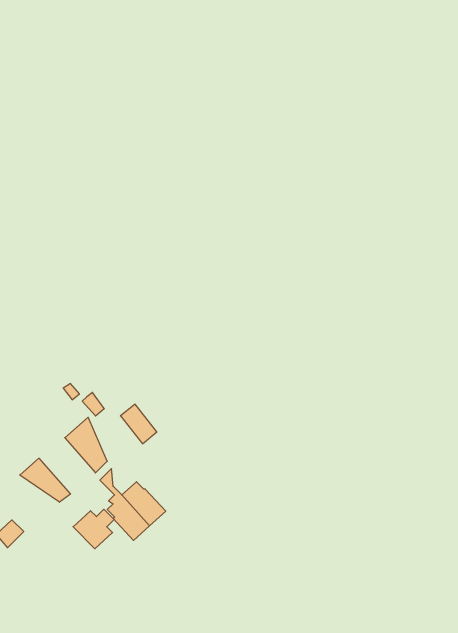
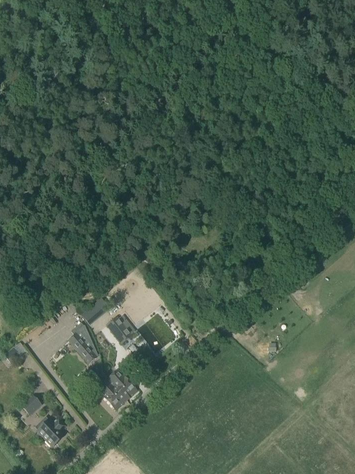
building: [20,458,70,502] -> none
building: [73,509,114,549] -> [38,419,66,446]

